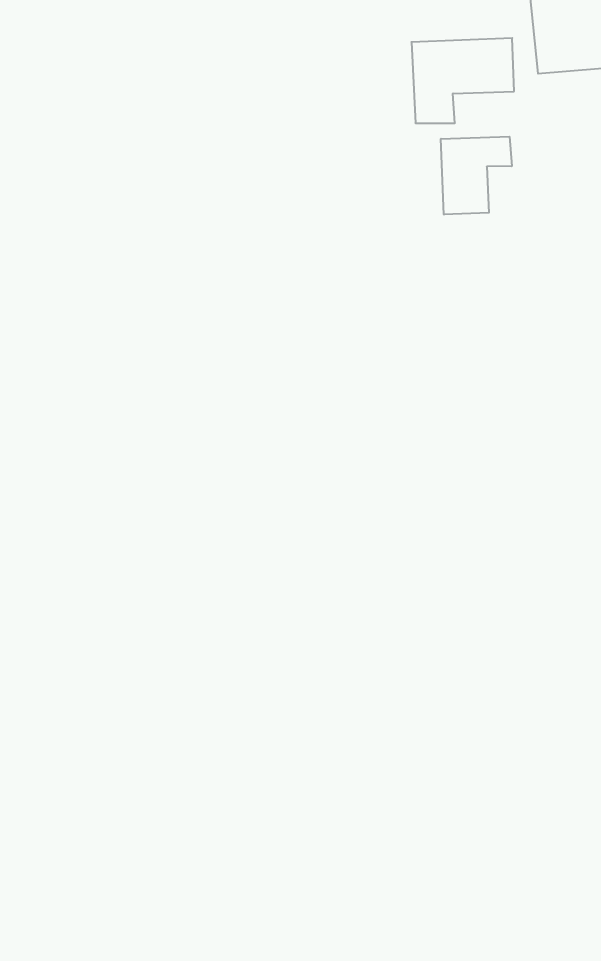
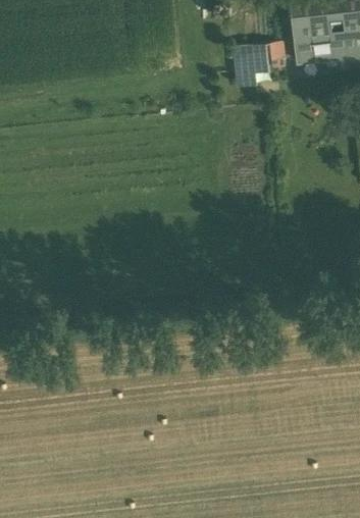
building: [441,137,512,215] -> none

